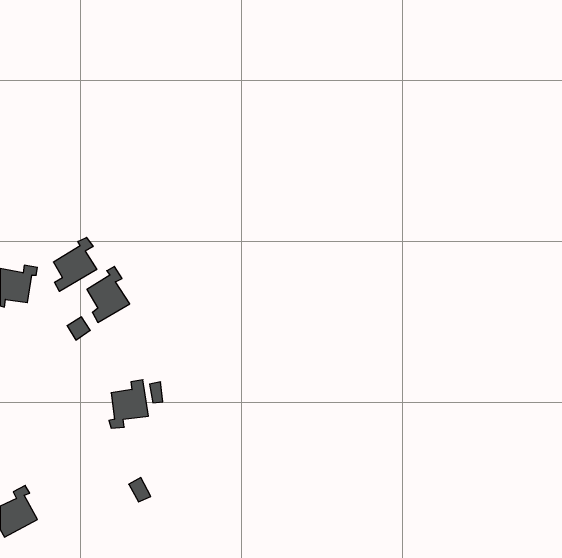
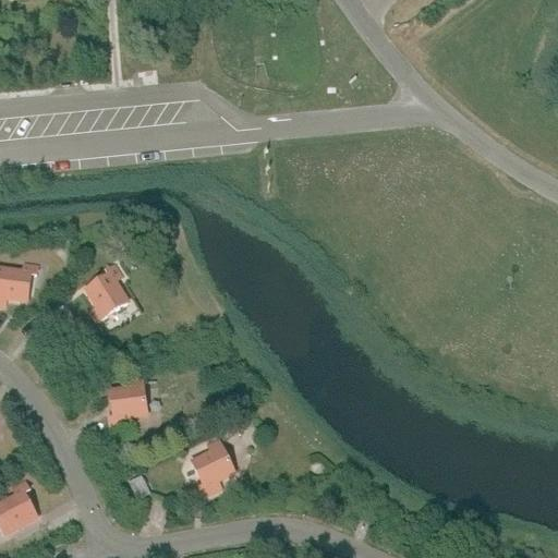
building: [53,237,97,291] -> none
building: none -> [192,438,234,494]

